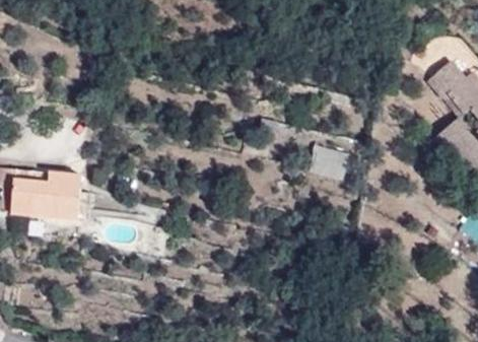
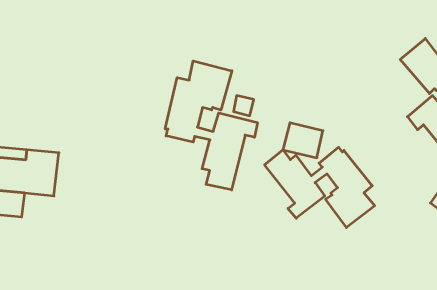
building: none -> [165,61,257,190]
building: none -> [265,147,375,228]

